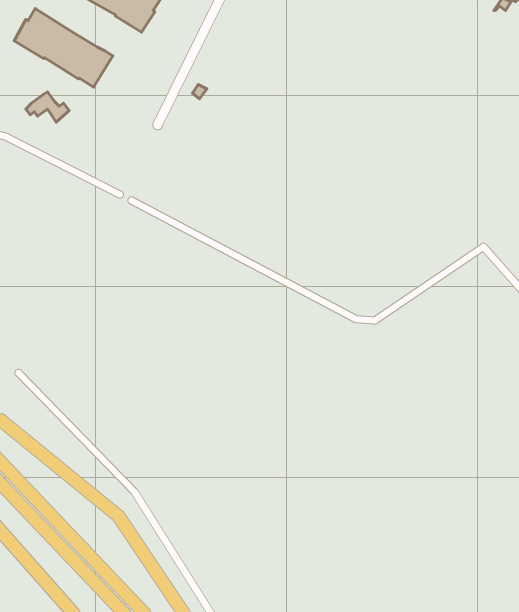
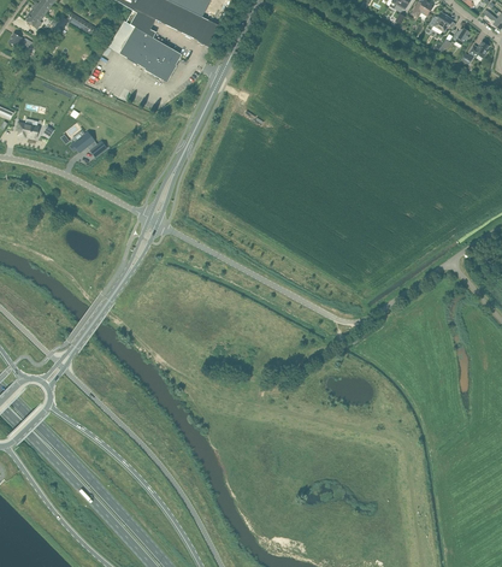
building: [14,9,113,87] -> none

